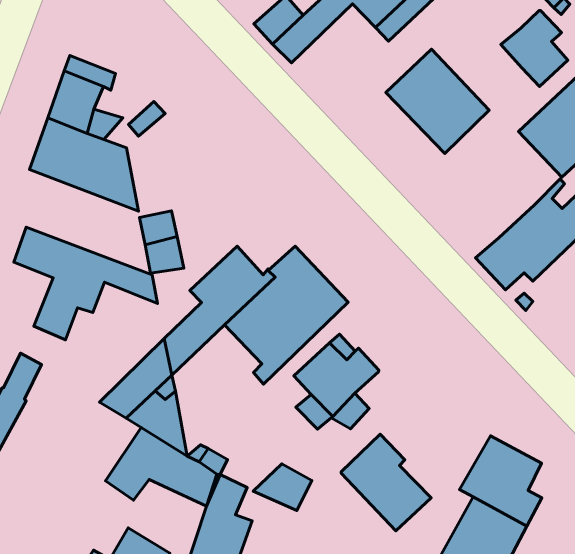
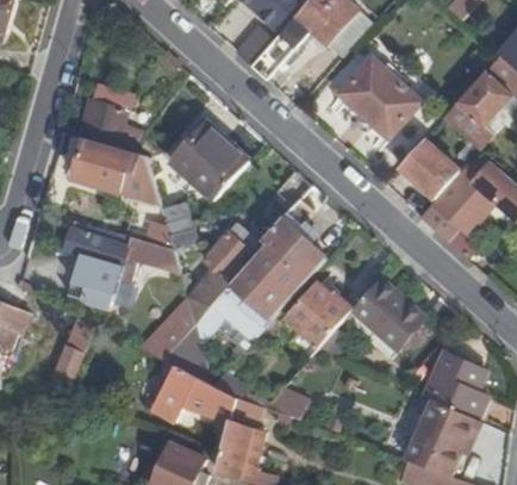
building: [501,11,568,87] -> none
building: none -> [170,122,249,199]
building: none -> [400,141,460,199]
building: [341,434,431,531] -> [351,276,422,349]

